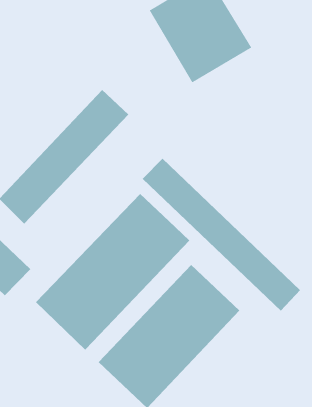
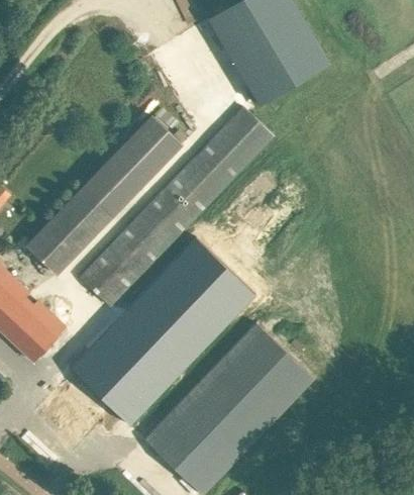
building: none -> [81,107,274,306]
building: [142,158,301,311] -> none

